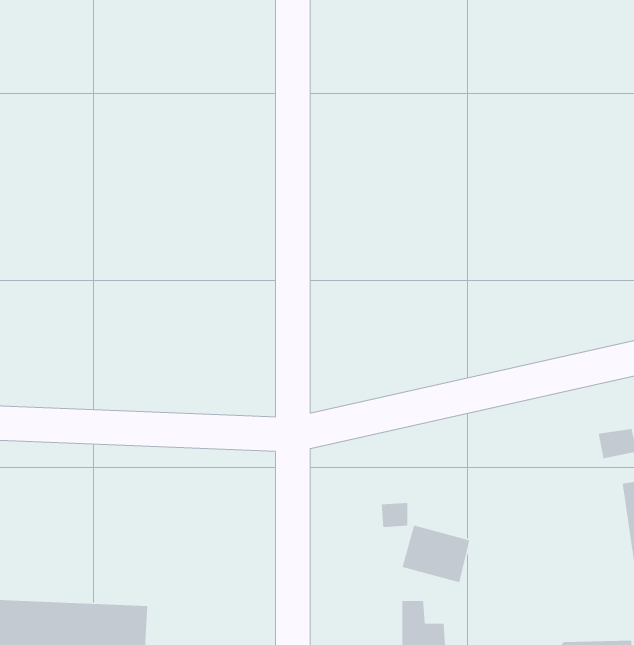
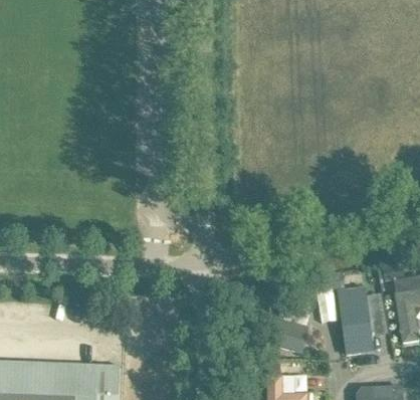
building: none -> [338,288,375,355]

